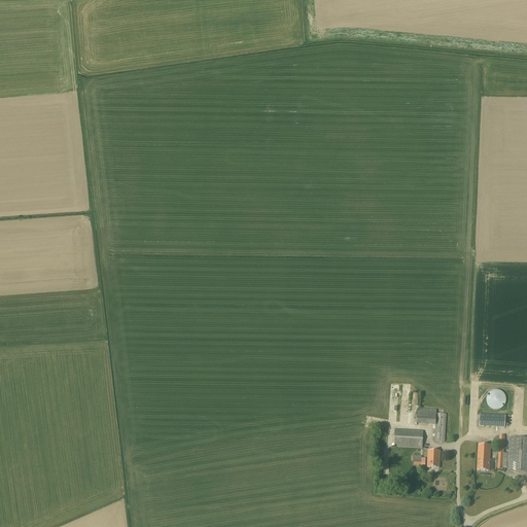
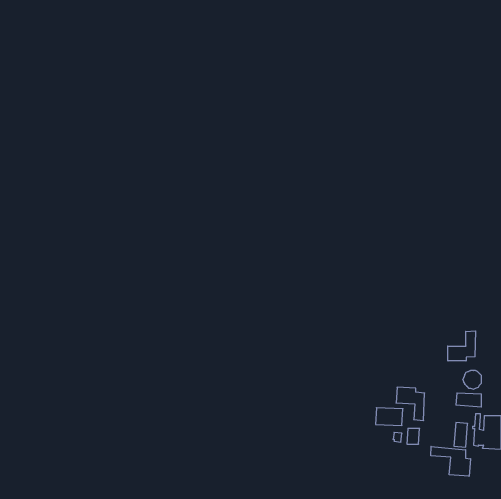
building: none -> [448,331,475,361]
building: none -> [431,446,471,476]

